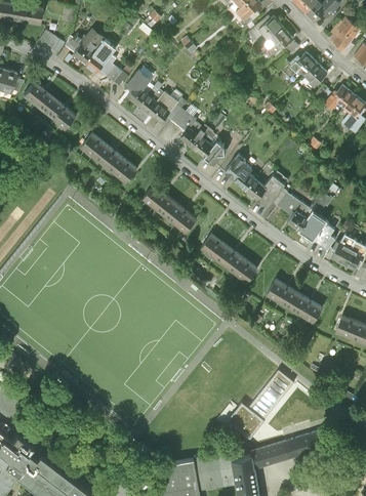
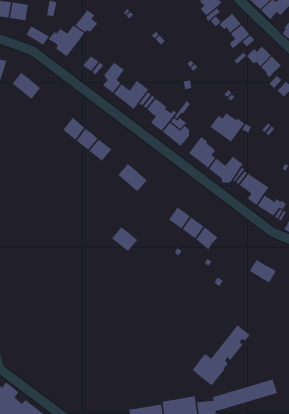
building: [86,47,113,75] -> [75,9,98,34]
building: [46,100,76,129] -> none
building: none -> [210,112,245,142]
building: [166,205,197,234] -> [111,227,138,252]
building: [268,280,300,307] -> none

